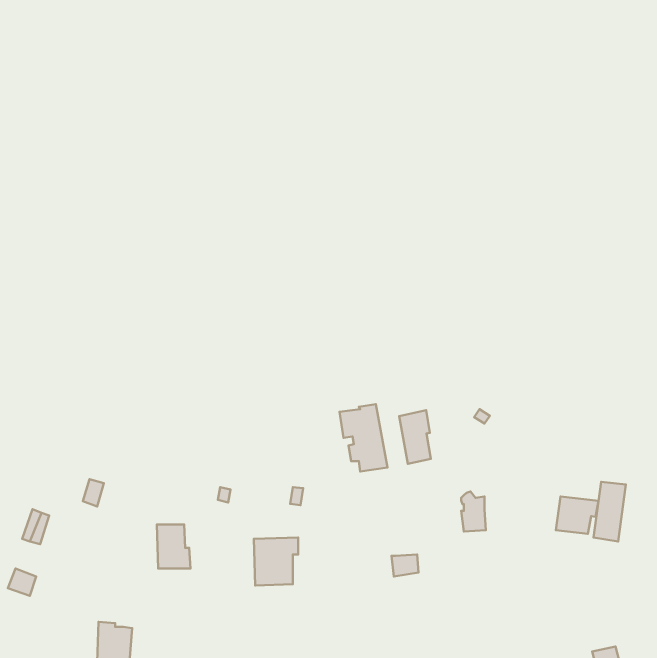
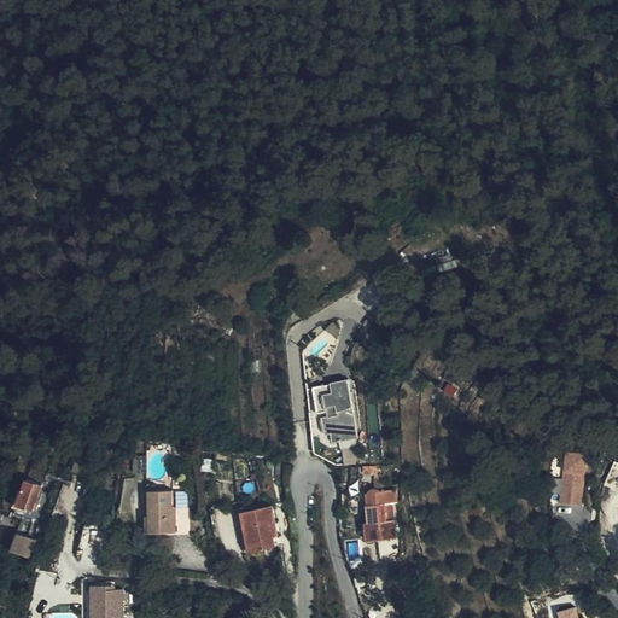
building: [399,410,431,464] -> none
building: [461,491,486,532] -> [366,484,389,521]
building: [556,497,599,534] -> none

